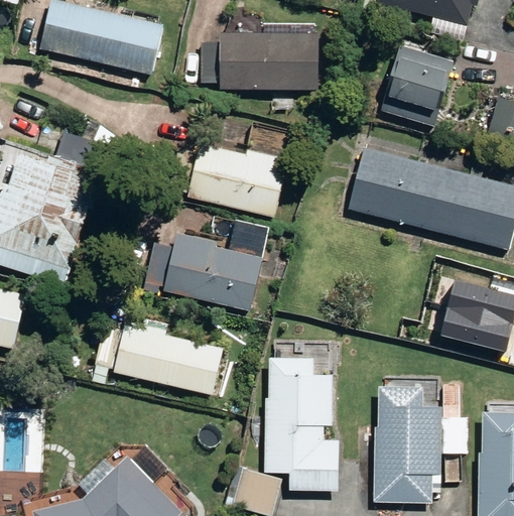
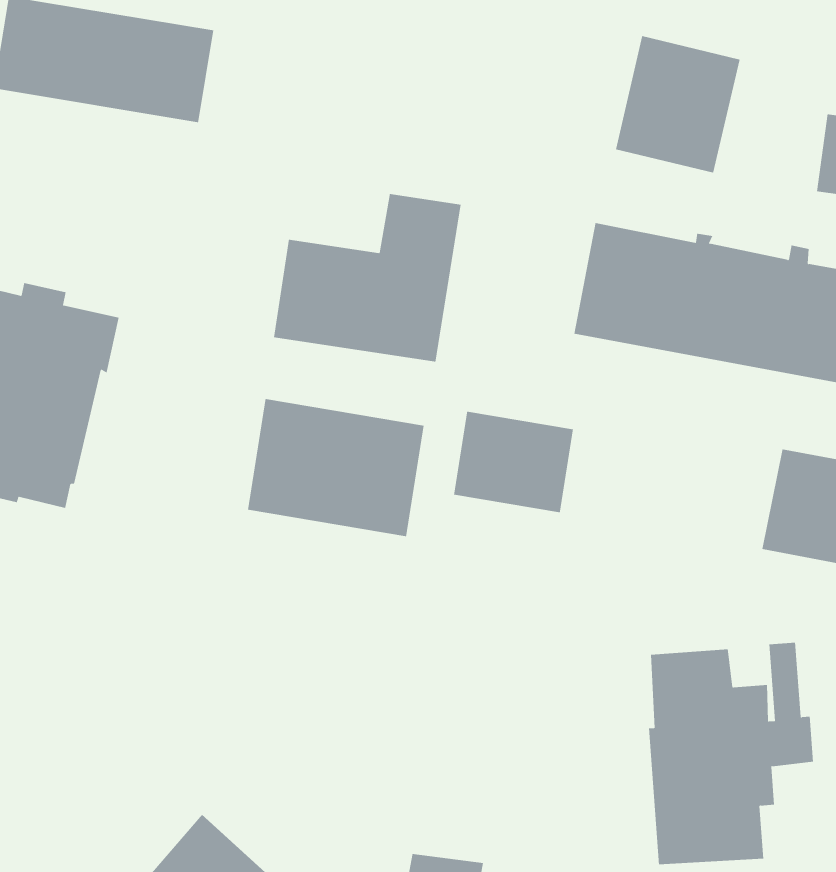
building: [202,32,317,90] -> none
building: none -> [453,411,573,513]
building: [94,320,222,395] -> none
building: [266,358,338,491] -> none

